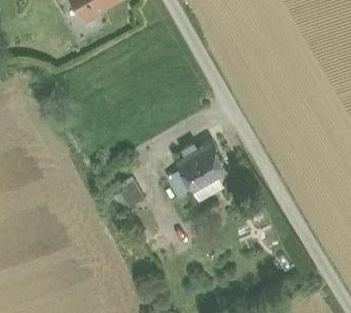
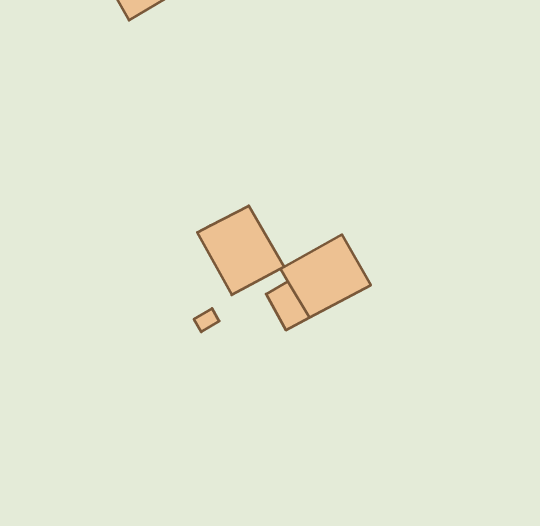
building: none -> [197,206,284,295]

